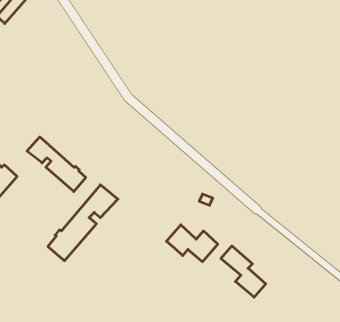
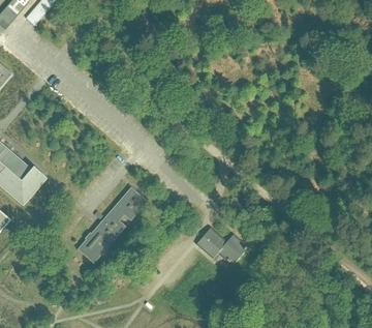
building: [27,137,86,192] -> none
building: [221,246,266,297] -> none

